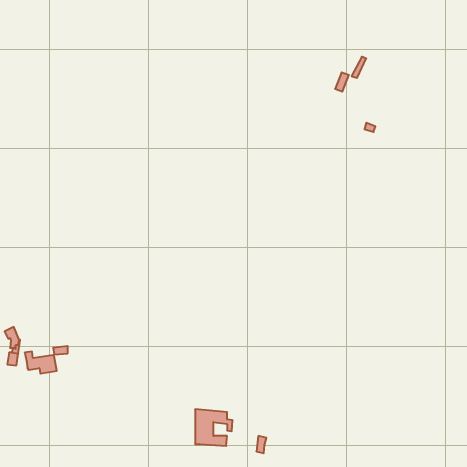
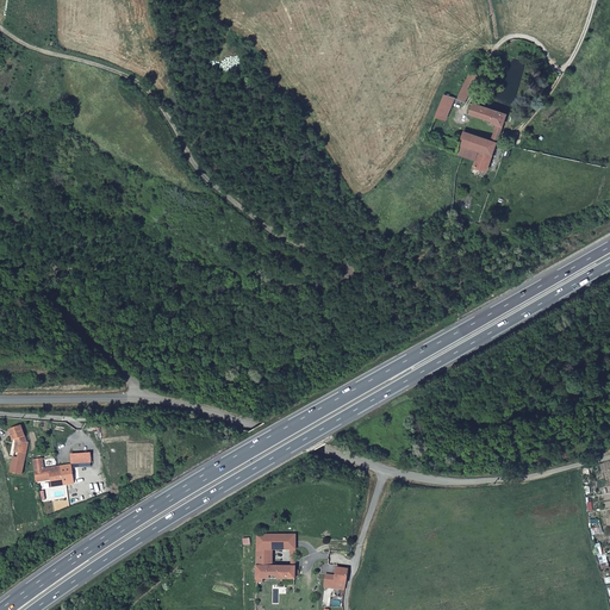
building: none -> [460,101,505,154]

